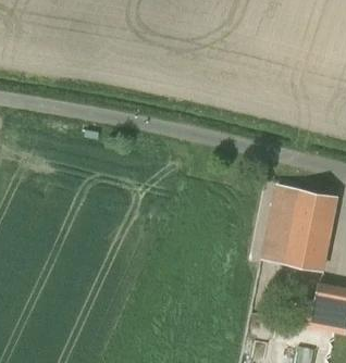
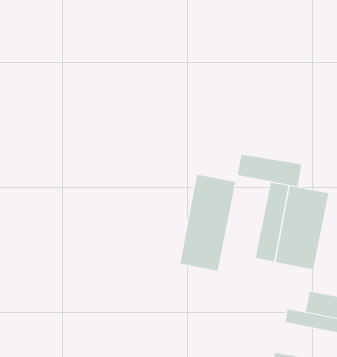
building: none -> [237,154,302,187]
building: none -> [180,174,236,271]

